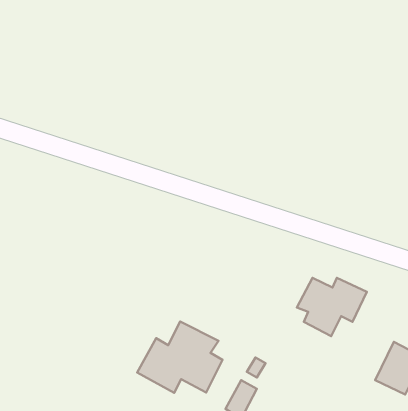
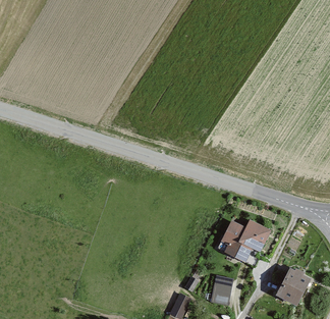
building: [137,322,222,393] -> none
building: none -> [209,279,232,311]

